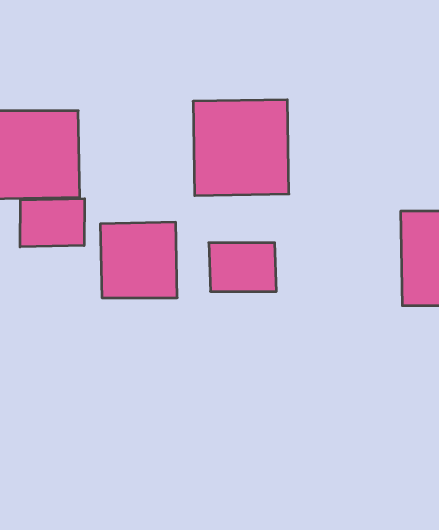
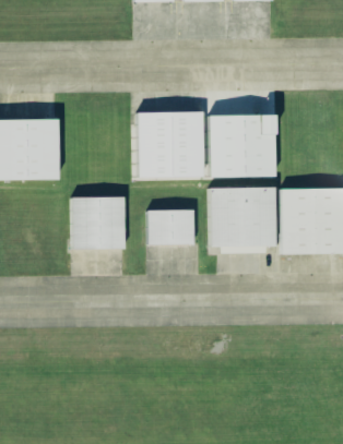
building: none -> [212,116,277,178]
building: [20,199,85,247] -> none
building: none -> [209,188,275,247]

